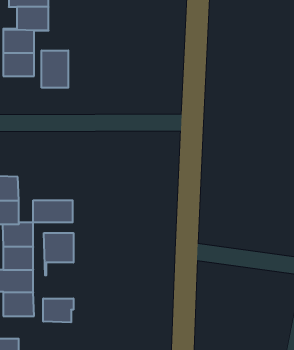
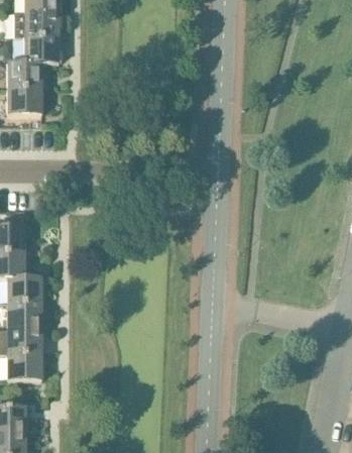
building: [42,50,68,88] -> none
building: [33,200,73,222] -> none
building: [44,233,73,275] -> none
building: [43,298,73,322] -> none

